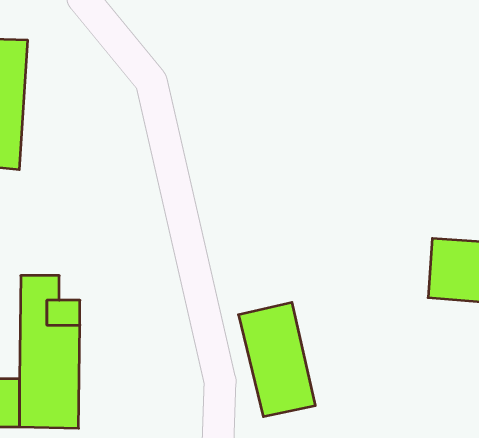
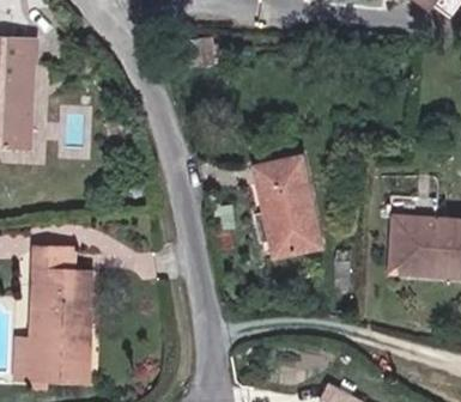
building: [238,302,315,417] -> [254,158,321,257]

